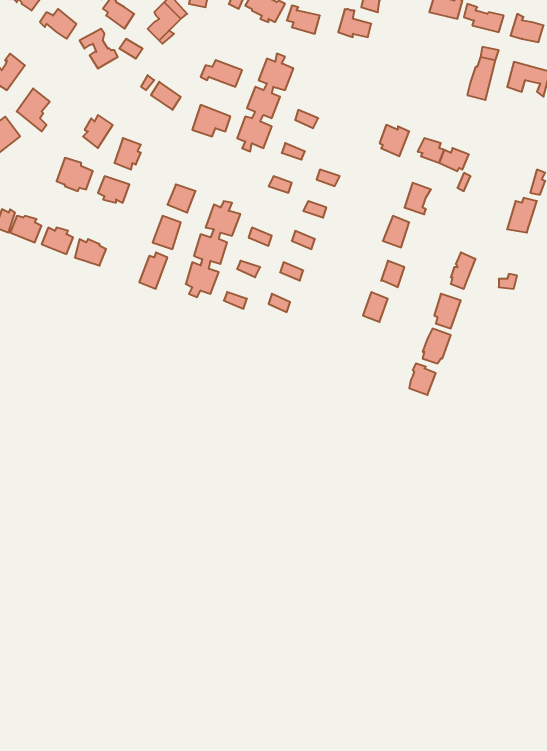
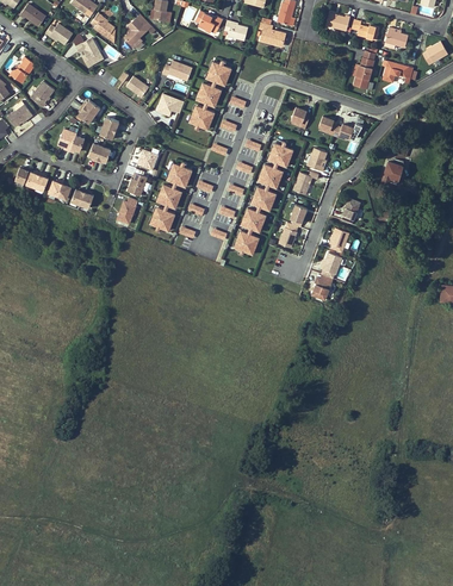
building: none -> [235,142,293,253]

